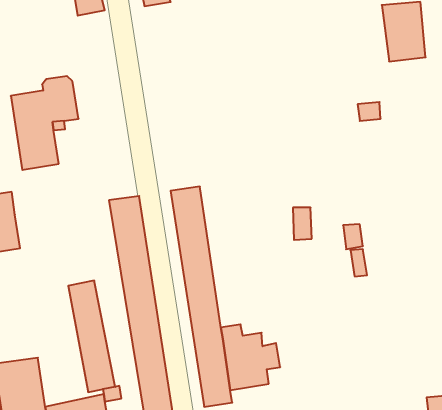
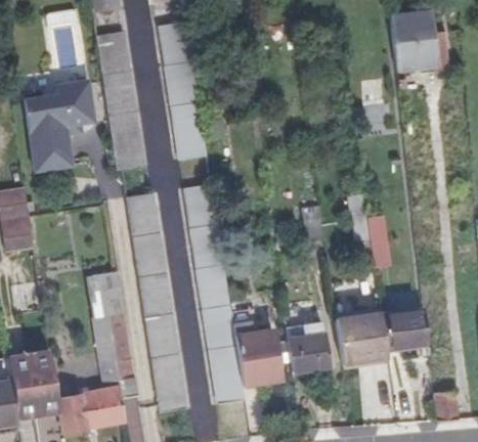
building: none -> [160,26,208,162]
building: none -> [96,36,142,171]
building: none -> [383,308,429,348]
building: none -> [338,317,378,367]
building: none -> [288,335,330,372]

